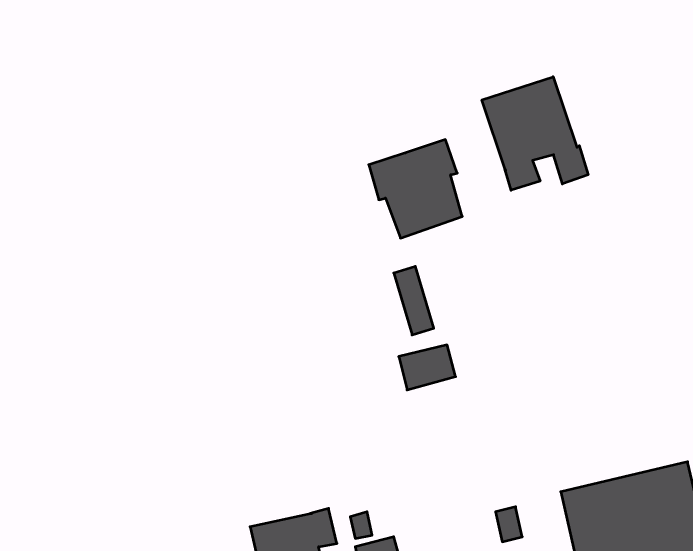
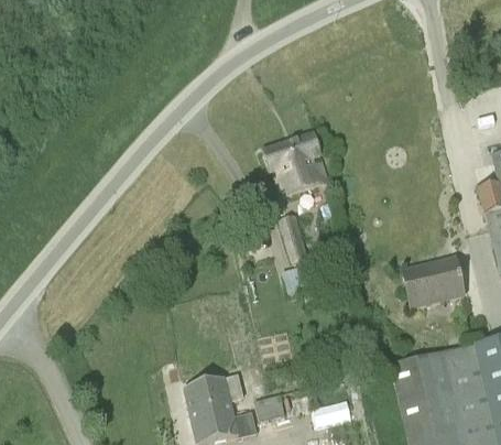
building: [482,77,588,190] -> none
building: none -> [402,257,465,307]

